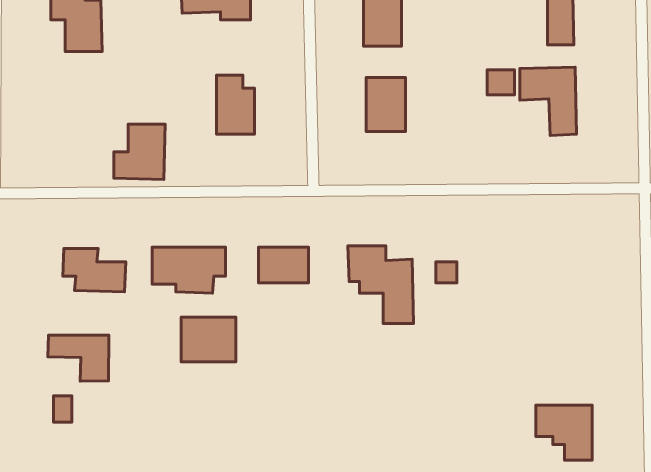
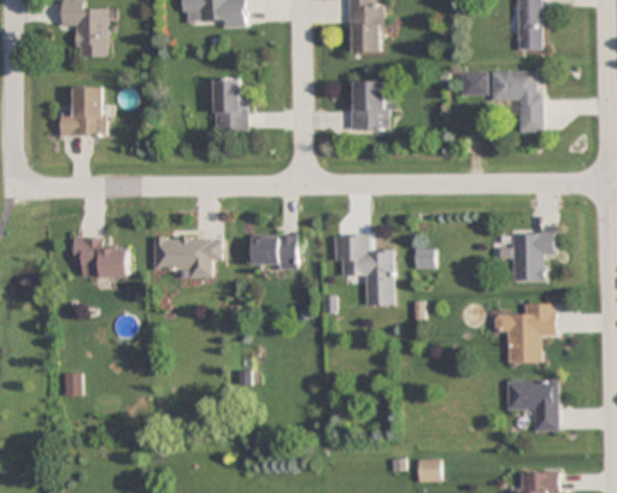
building: [114,124,165,179] -> [60,86,107,136]
building: none -> [499,233,554,281]
building: [181,317,236,362] -> none
building: none -> [494,303,554,362]
building: [48,335,109,381] -> none

